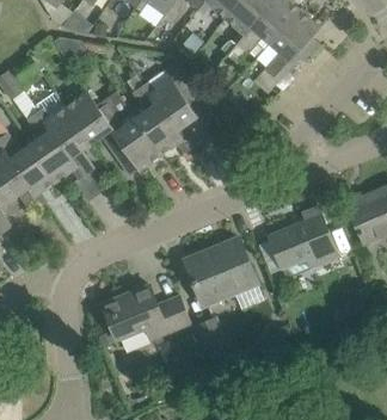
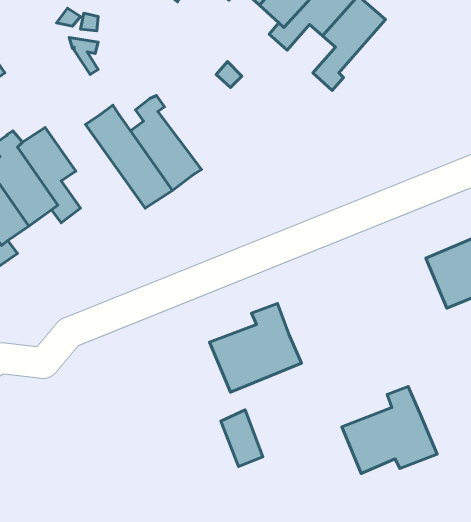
building: [149,80,197,152] -> none
building: [66,92,140,174] -> none
building: [268,205,338,270] -> [342,386,437,473]
building: [102,284,190,339] -> none

